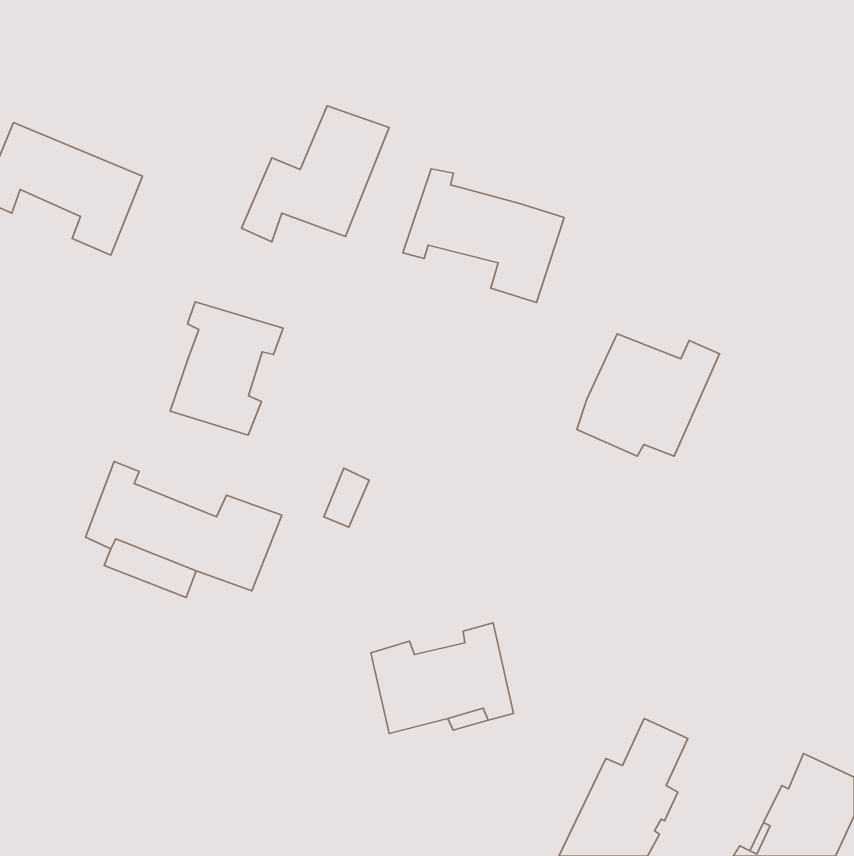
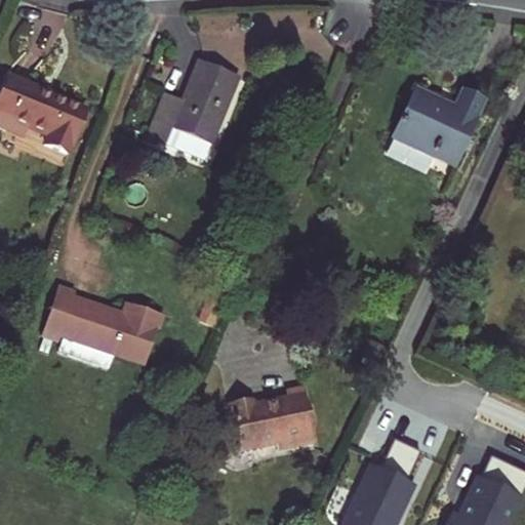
building: [403,169,564,302] -> none
building: none -> [166,130,211,164]
building: [170,302,283,435] -> none
building: [577,334,719,456] -> [383,96,471,171]

